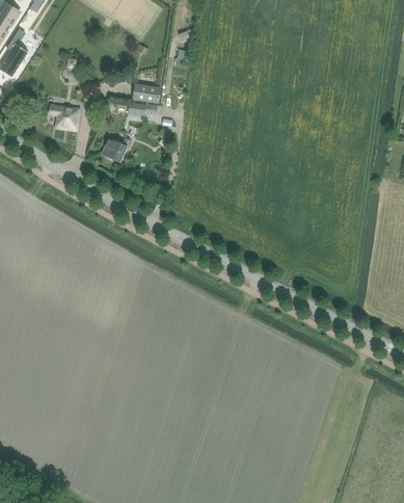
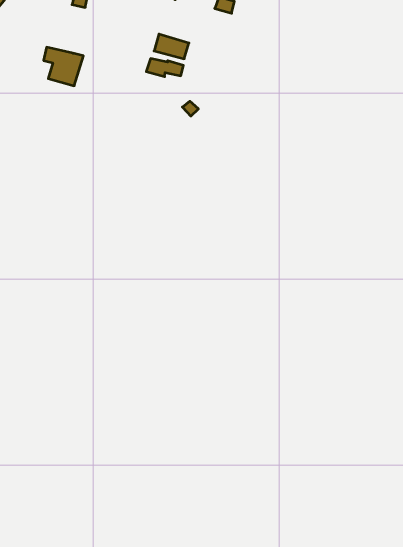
building: [101,137,130,162] -> none

